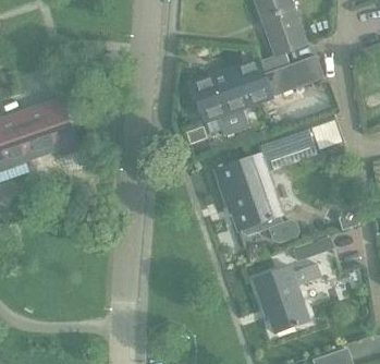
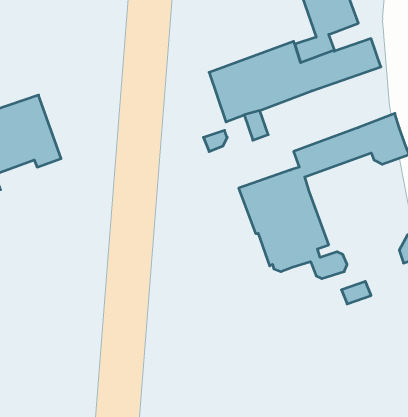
building: [253,264,322,333] -> none

